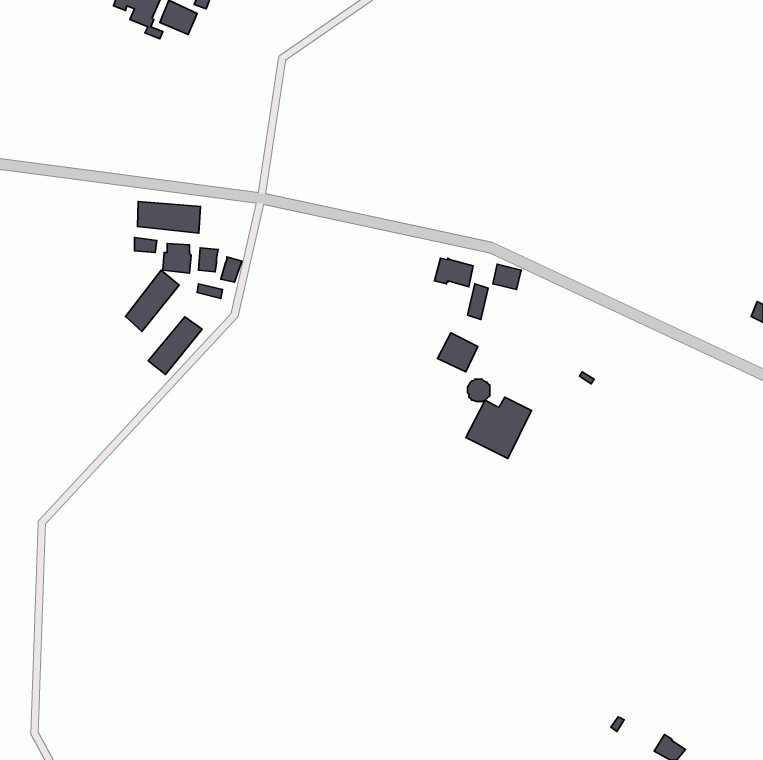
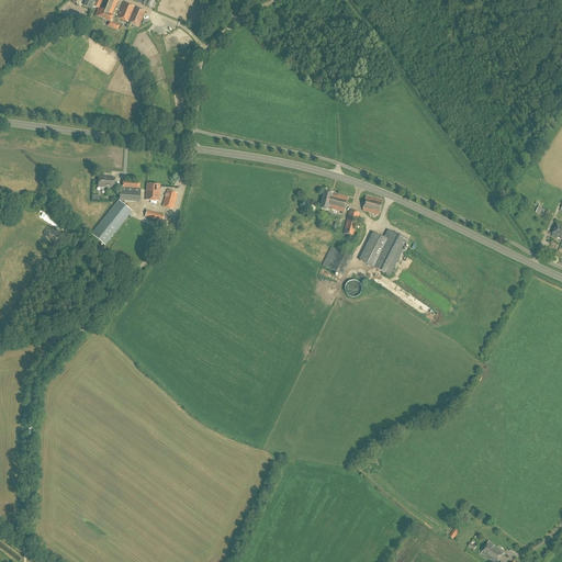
building: [138,201,201,233] -> none
building: [148,317,202,374] -> none
building: [466,397,532,458] -> [359,228,407,273]

